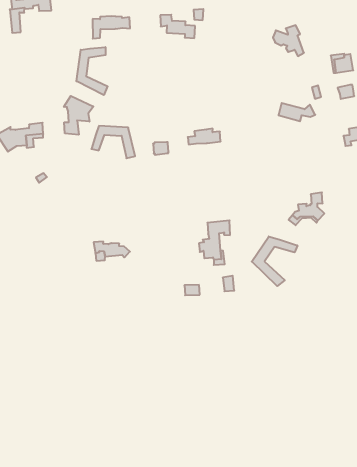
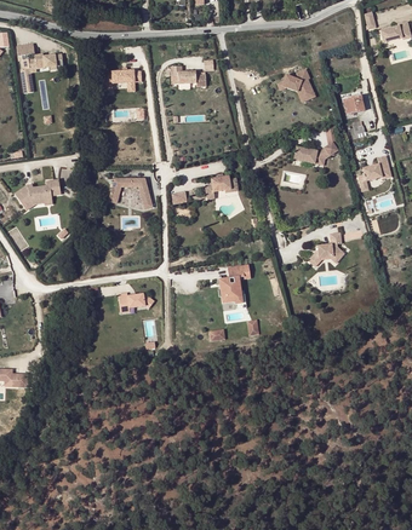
building: [76,47,108,95] -> none
building: [64,96,93,135] -> none
building: [252,236,297,286] -> none

